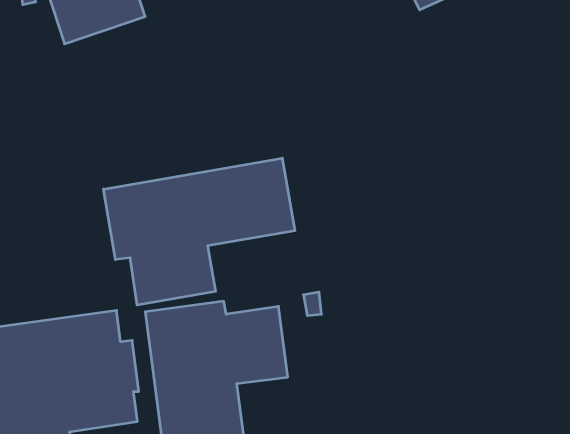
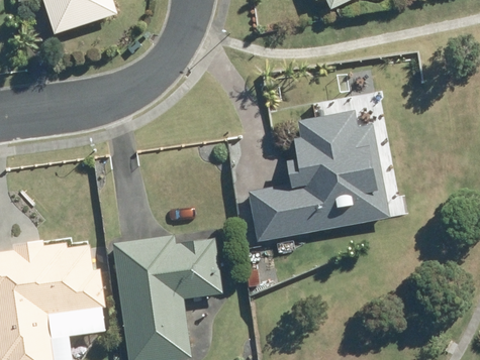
building: none -> [249,110,391,239]
building: [103,158,295,305] -> none

